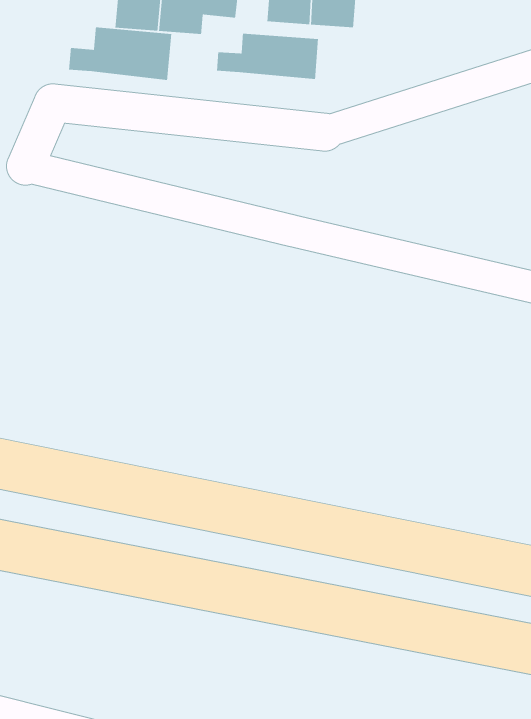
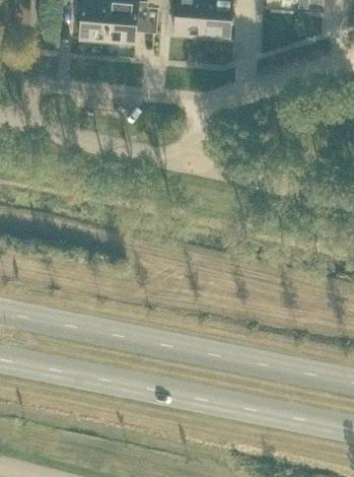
building: [68,27,172,81] -> none
building: [216,33,319,80] -> none

